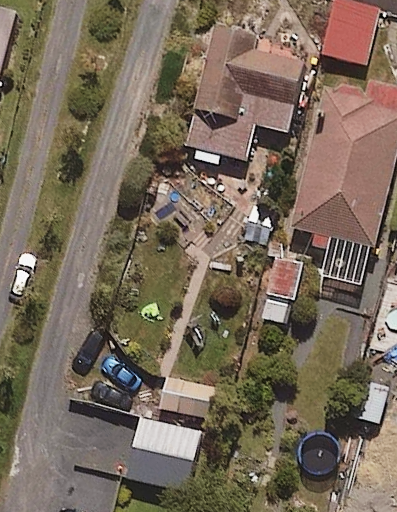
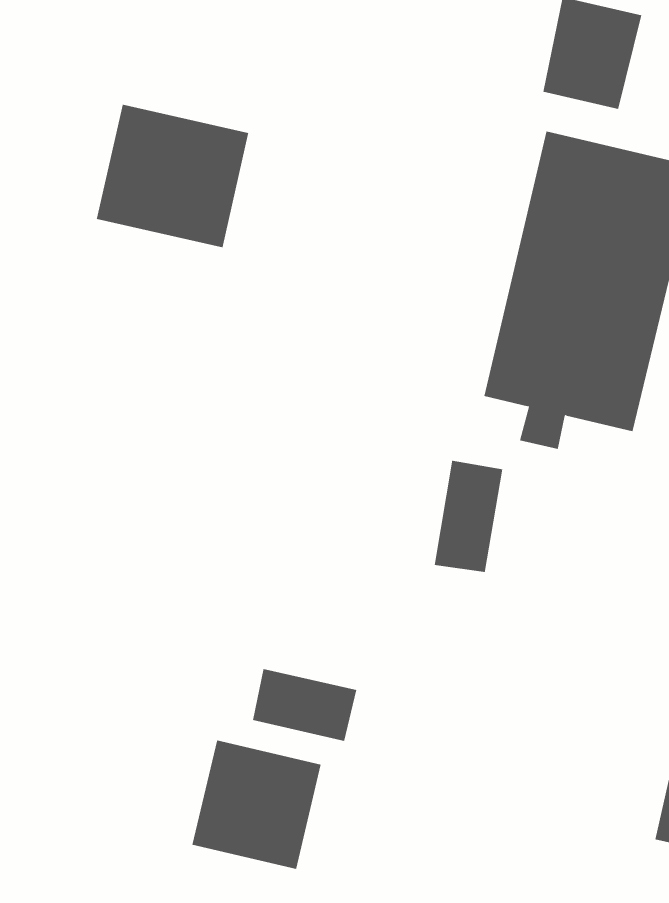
building: [186,22,304,168] -> none
building: none -> [96,104,249,248]

